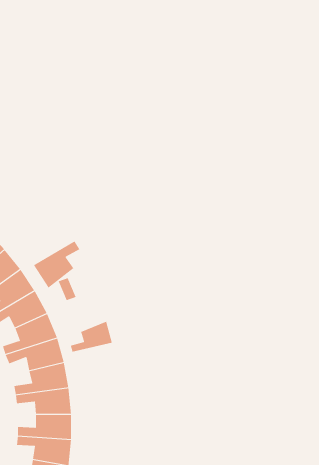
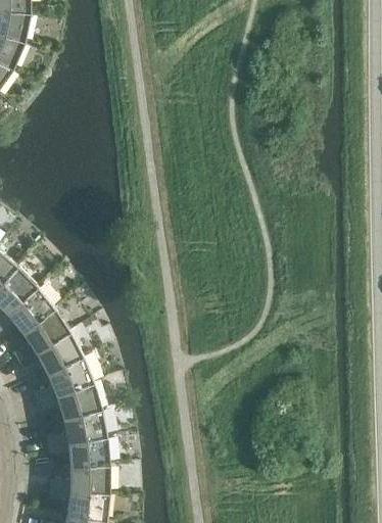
building: [33,240,80,288] -> none
building: [70,321,112,352] -> none

